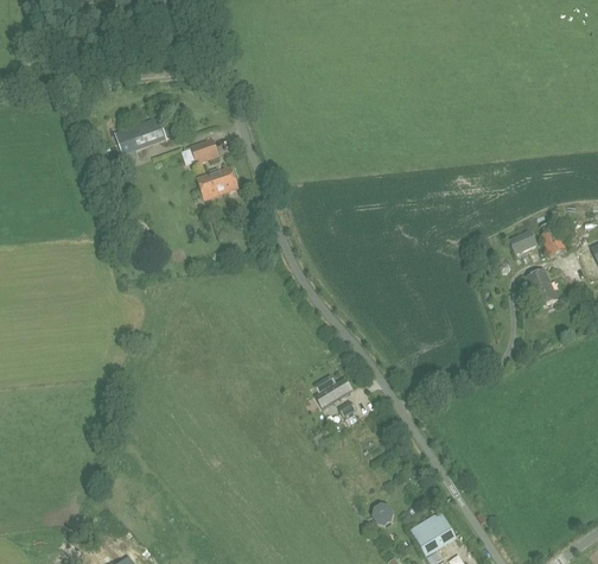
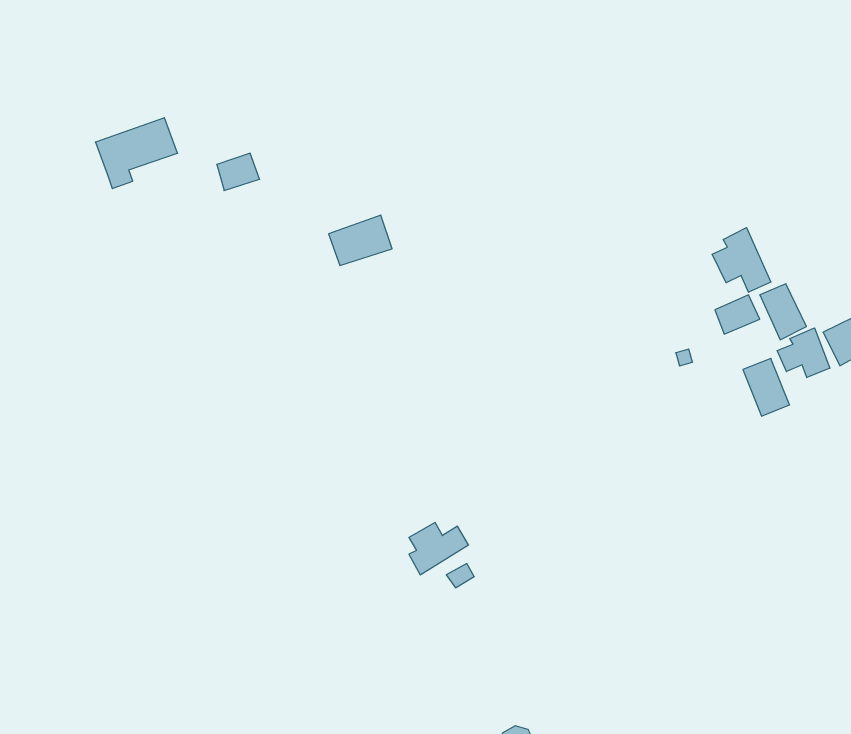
building: [198,166,238,198] -> [329,215,392,266]
building: none -> [712,228,771,292]
building: none -> [777,328,830,378]

